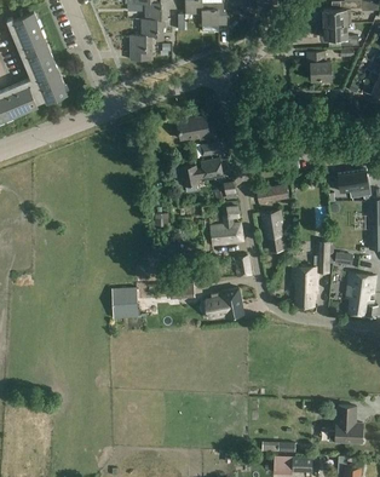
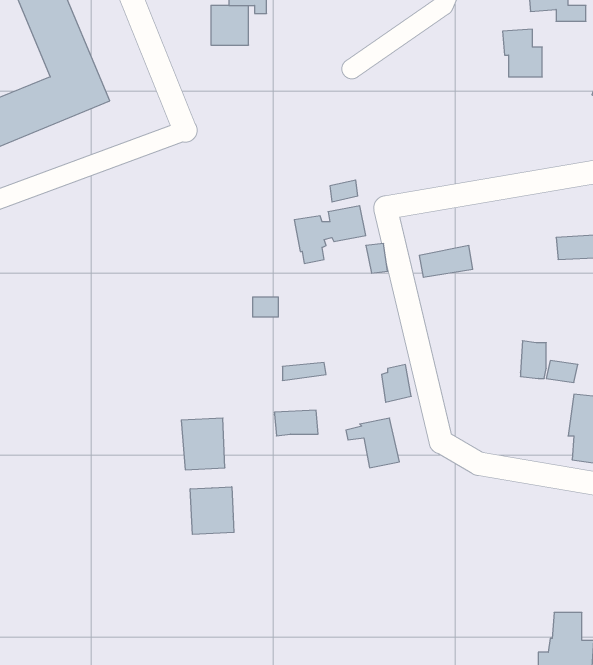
building: [178,116,217,142] -> none
building: [211,202,243,246] -> none
building: [261,211,287,252] -> none
building: [292,266,318,306] -> none
building: none -> [190,487,234,534]

